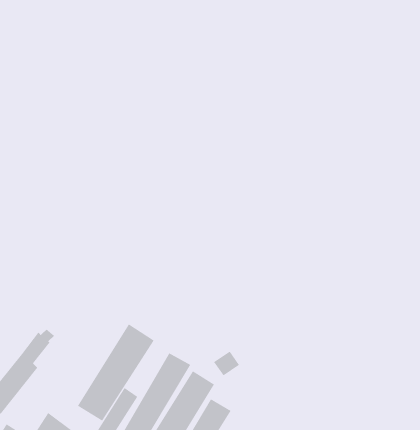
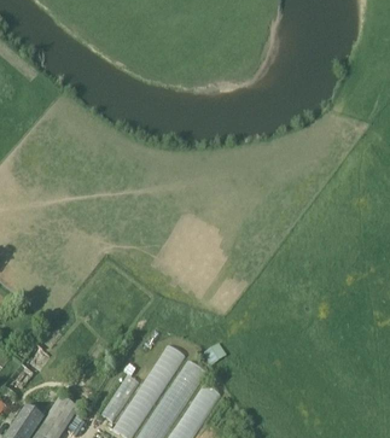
building: [77,323,154,422] -> none

